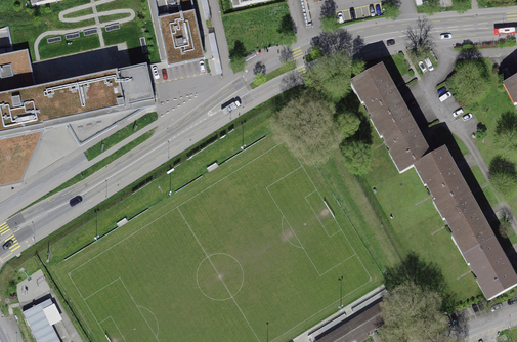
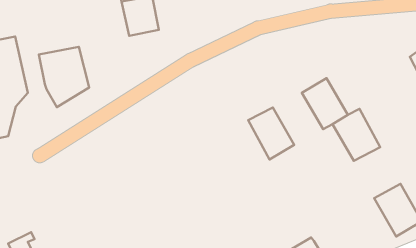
building: [106,60,156,119] -> none
building: [349,62,404,125] -> [248,107,294,159]
building: [36,79,66,120] -> none
building: [437,190,493,252] -> none

